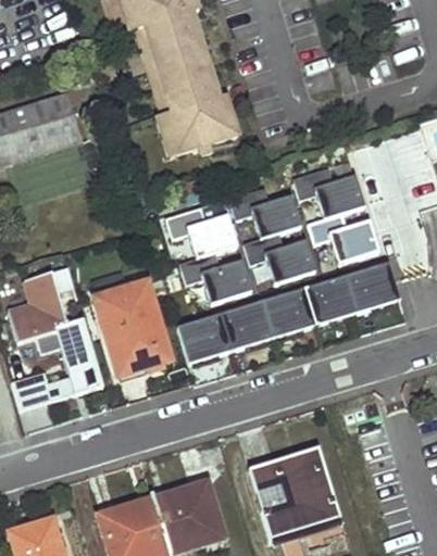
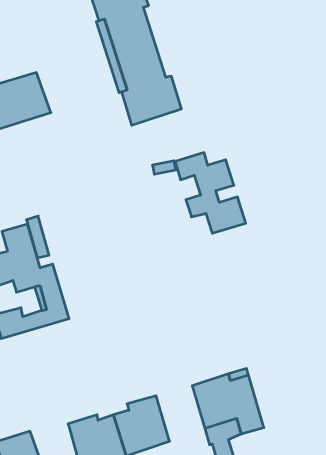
building: [292,167,378,264] -> none
building: [165,206,250,303] -> none
building: [177,263,400,364] -> none
building: [96,282,170,375] -> none

